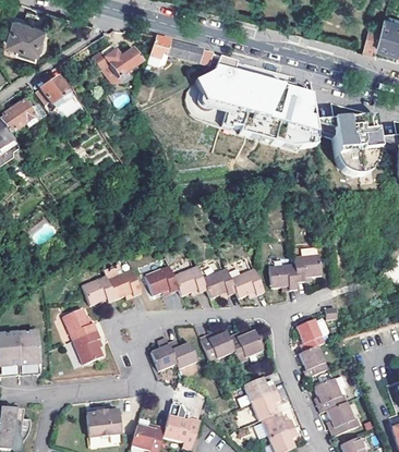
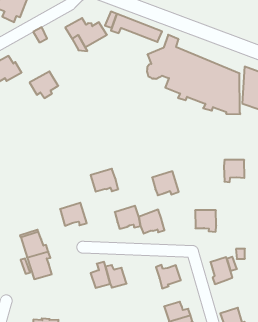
building: [35,77,70,110] -> [30,71,58,98]
building: [297,252,323,280] -> [224,160,244,182]
building: [144,262,179,292] -> [91,169,118,192]
building: [231,267,265,297] -> [152,171,179,195]
building: [83,273,116,302] -> none
building: [201,331,235,363] -> none
building: [299,344,327,377] -> none

